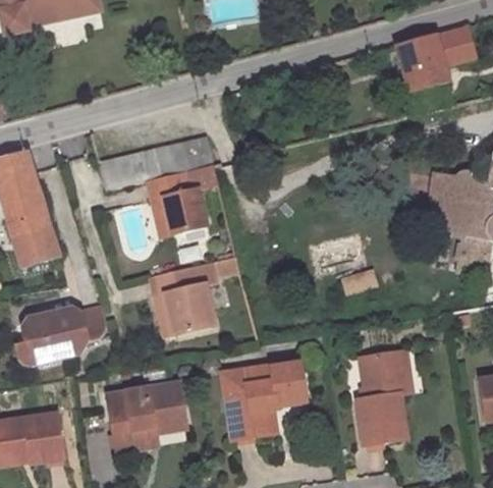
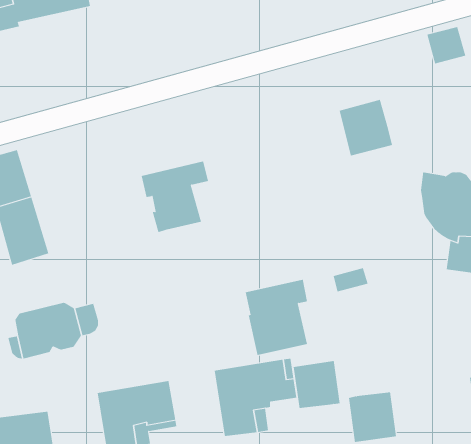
building: [393,37,447,94] -> [339,99,393,156]
building: [101,137,212,188] -> none
building: [154,260,217,336] -> [245,279,308,355]
building: [359,350,406,398] -> [293,361,341,408]

